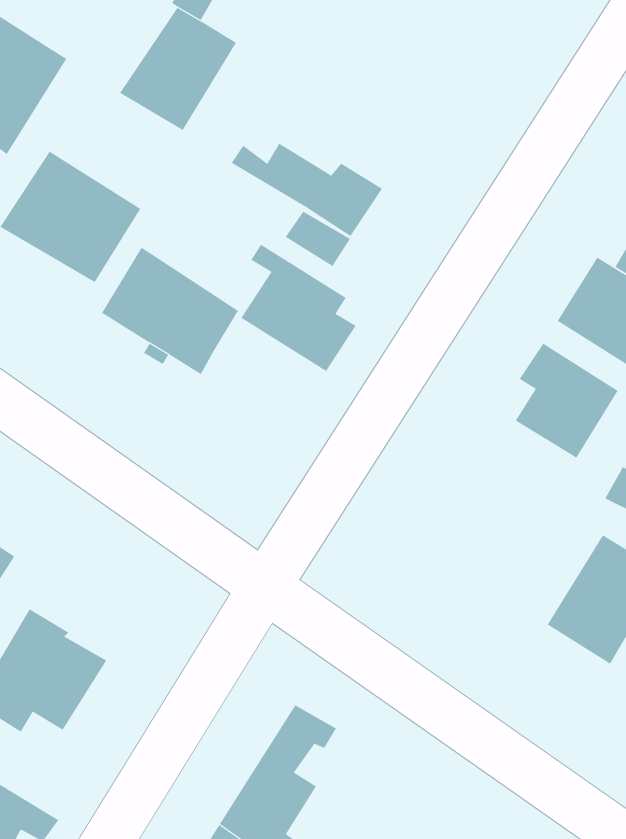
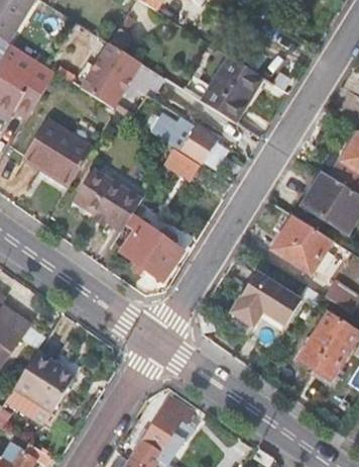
building: none -> [201,57,262,121]
building: [241,244,356,372] -> [122,214,181,279]
building: none -> [230,271,302,325]

